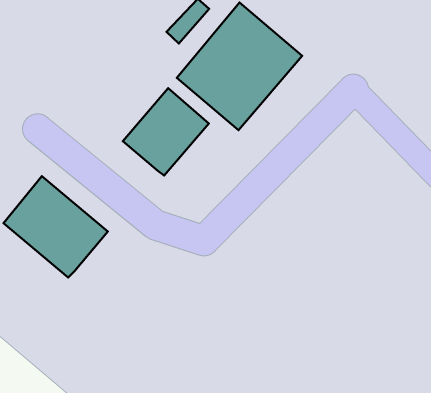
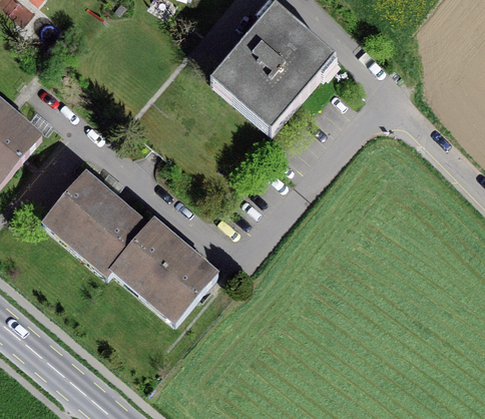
building: [123,88,209,175] -> none
building: none -> [114,218,214,315]

